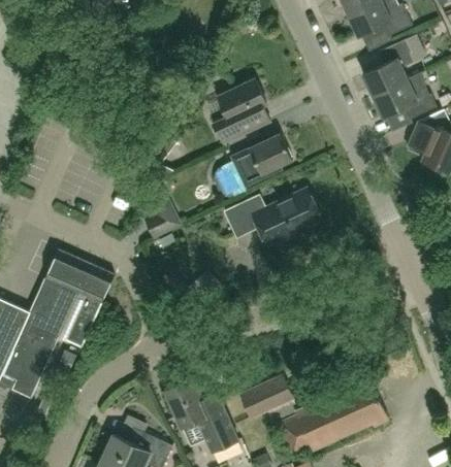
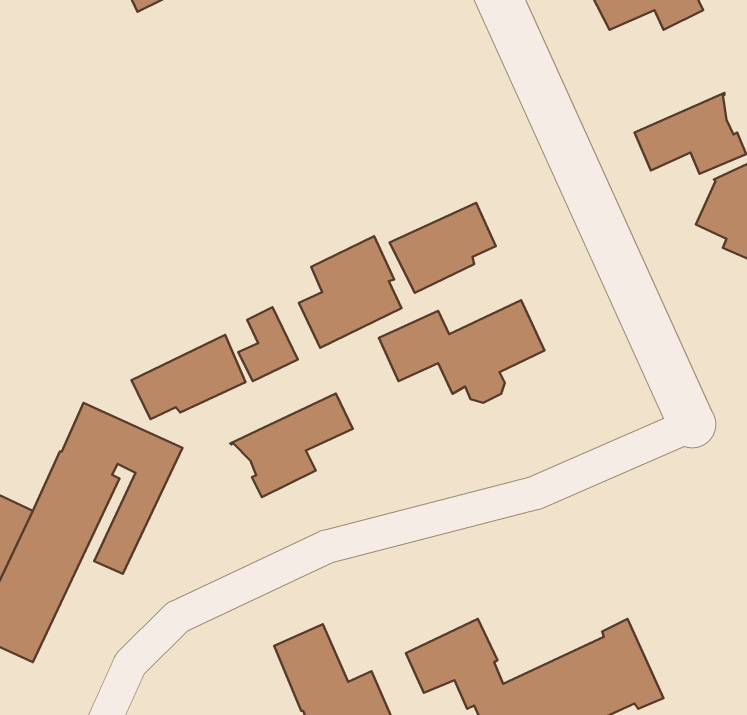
building: [362,39,414,95] -> none
building: [212,78,270,142] -> [299,236,401,348]
building: none -> [132,335,246,419]
building: none -> [230,394,353,497]

